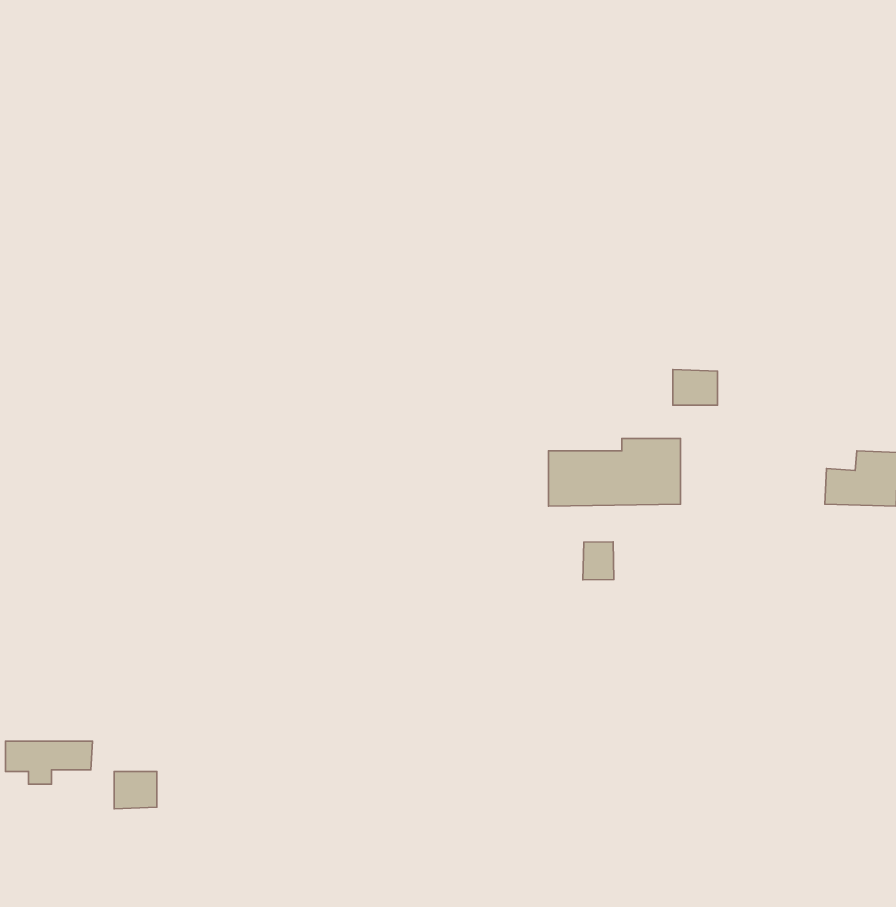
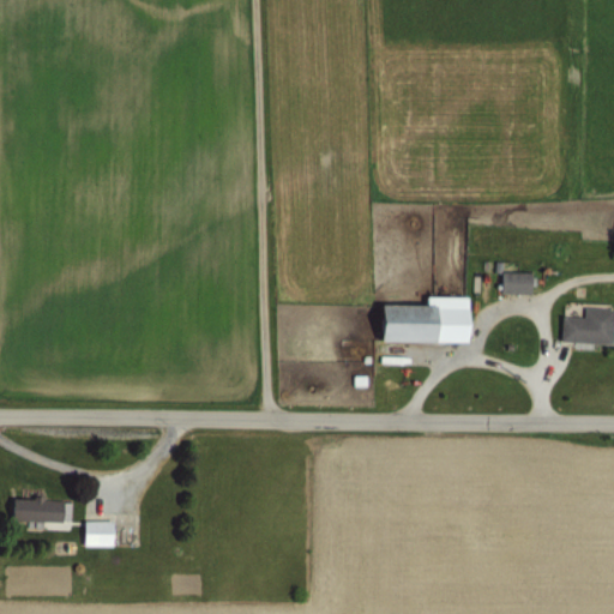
building: [673,369,717,405] -> [505,270,535,294]
building: [583,542,614,580] -> none

